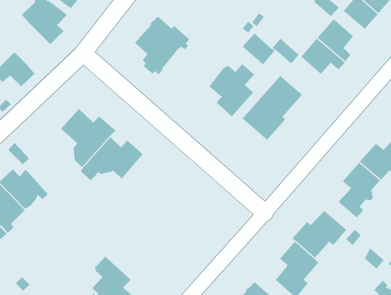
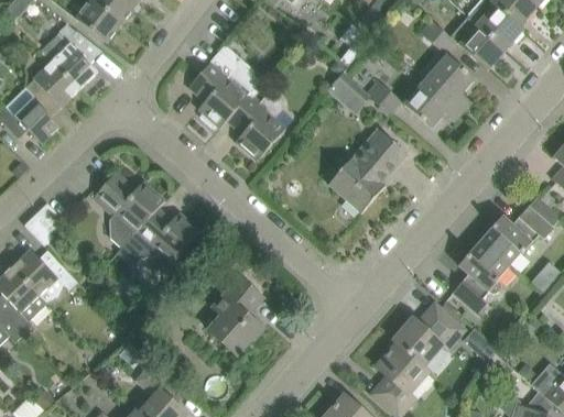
building: none -> [24,61,79,116]
building: [208,64,255,117] -> [226,90,286,160]
building: none -> [208,276,263,354]

